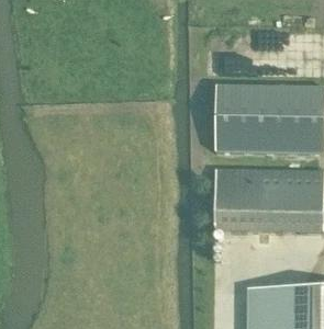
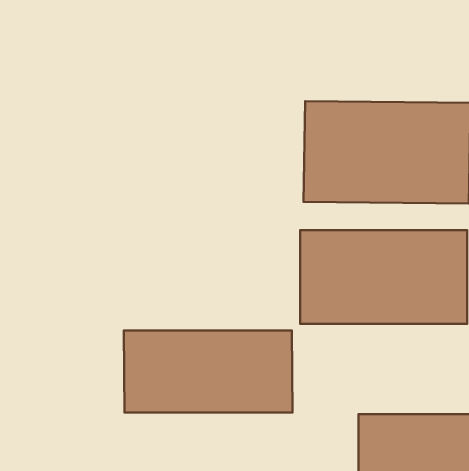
building: none -> [124,330,292,413]

